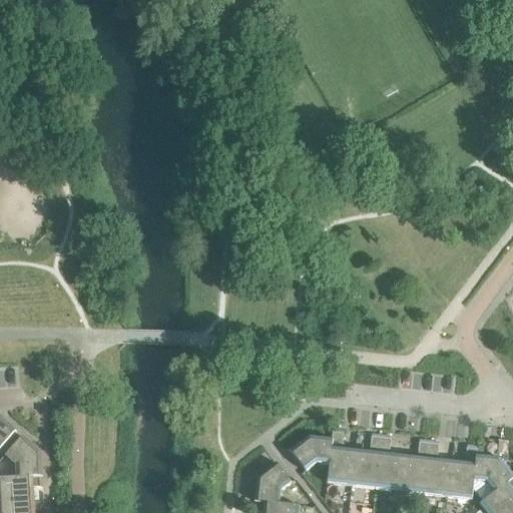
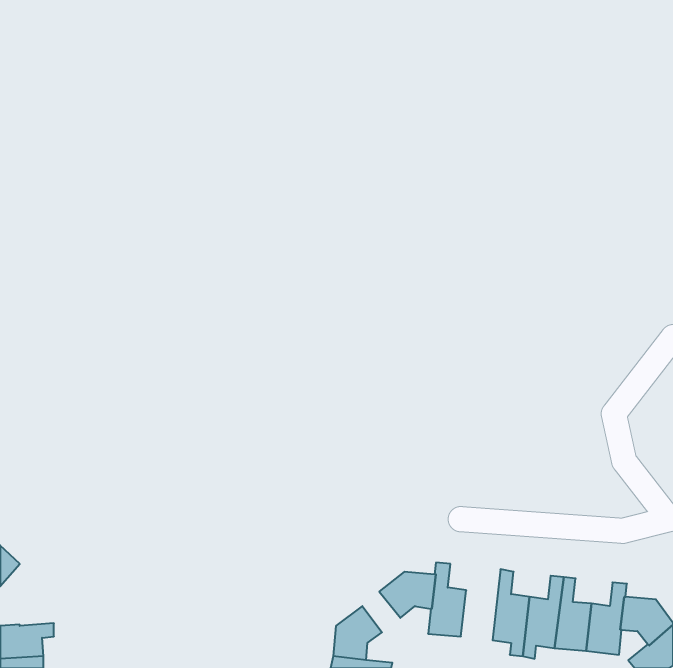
building: [351,432,381,487] -> none
building: [4,435,41,476] -> none

